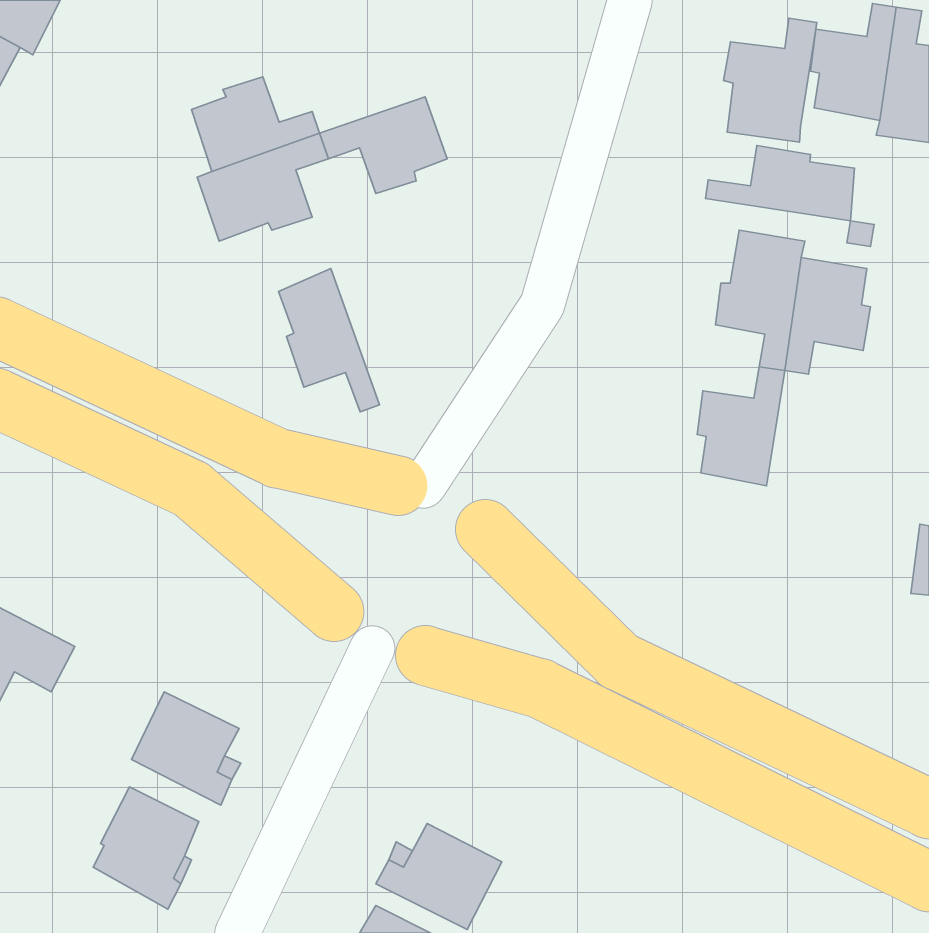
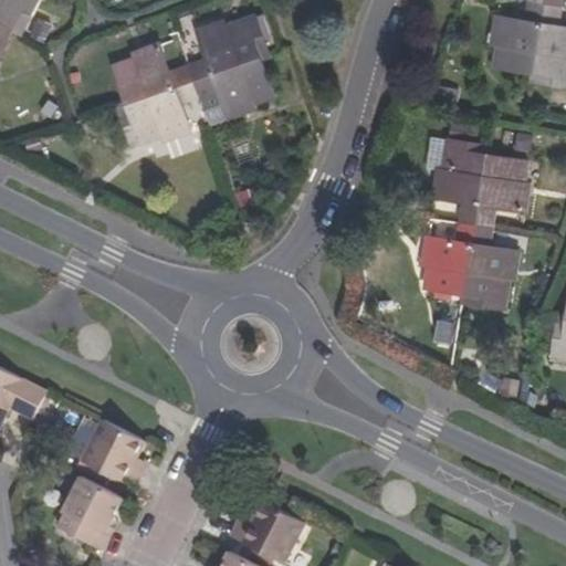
building: [724,18,817,142] -> none
building: none -> [189,18,268,81]
building: [705,146,855,221] -> none
building: [278,268,379,412] -> none
building: none -> [463,224,517,310]

